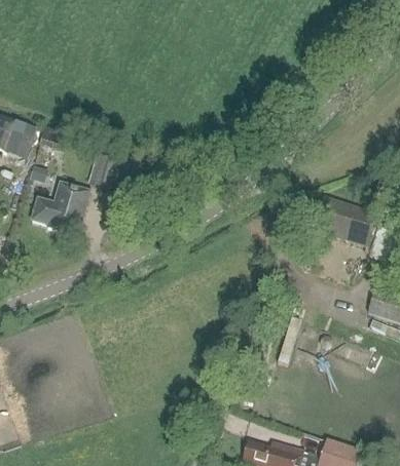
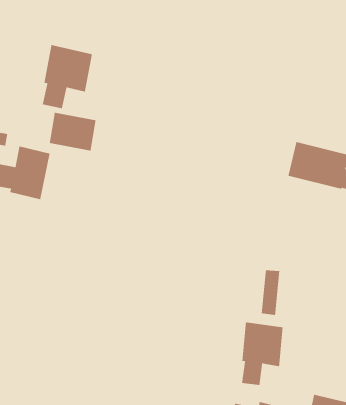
building: none -> [42,44,93,109]
building: none -> [241,321,284,386]

